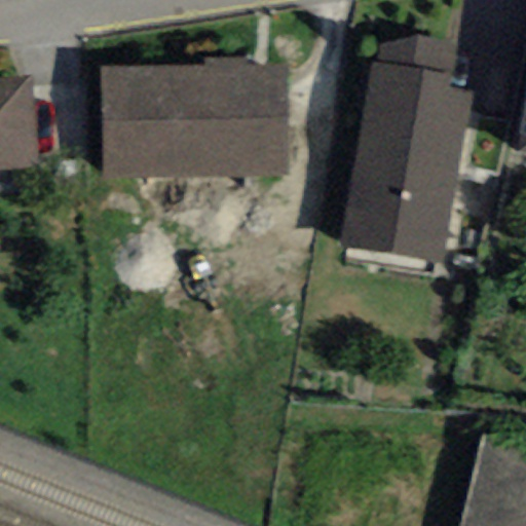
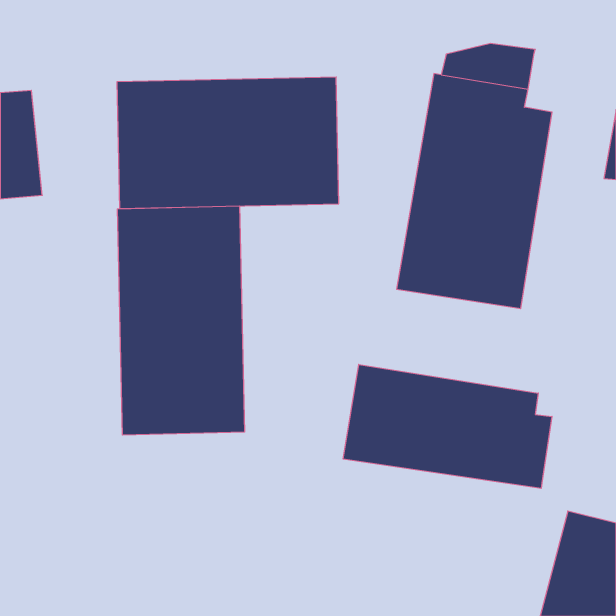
building: none -> [117,206,244,435]
building: none -> [343,364,552,488]

